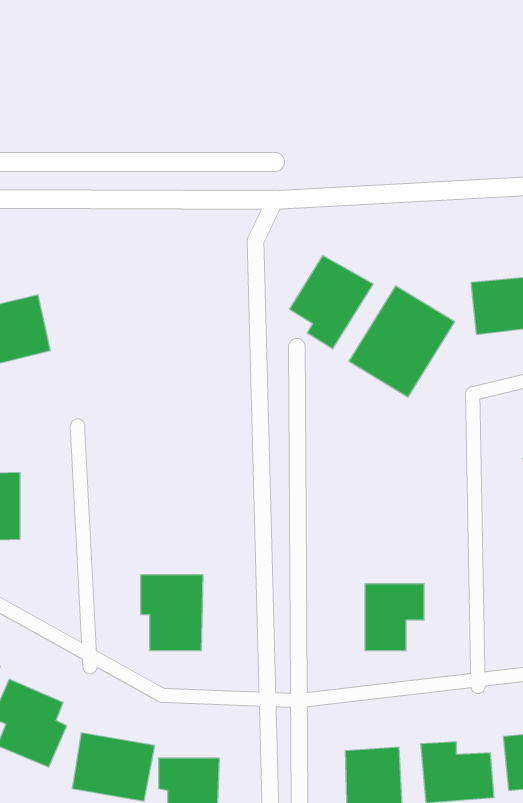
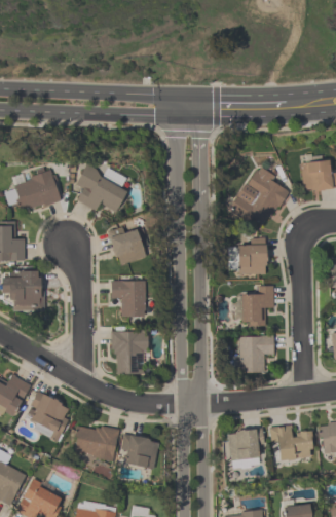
building: [290,255,373,349] -> none
building: none -> [76,164,126,211]
building: none -> [108,227,146,265]
building: none -> [228,237,266,274]
building: none -> [110,281,145,319]
building: none -> [234,285,273,327]

